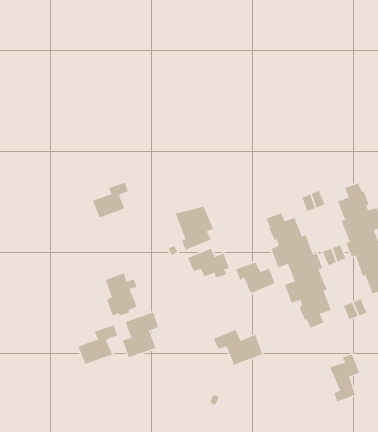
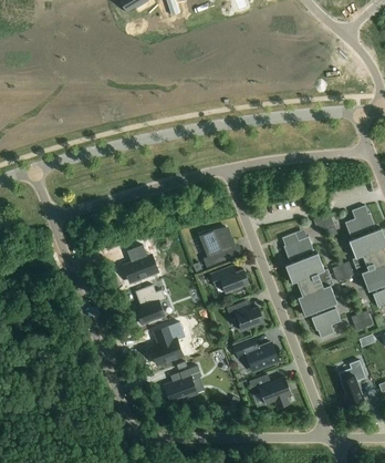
building: [92,182,129,219] -> [124,249,157,282]
building: [235,261,276,293] -> [227,301,263,330]
building: [78,324,118,365] -> [165,366,201,402]
building: none -> [250,374,292,409]

